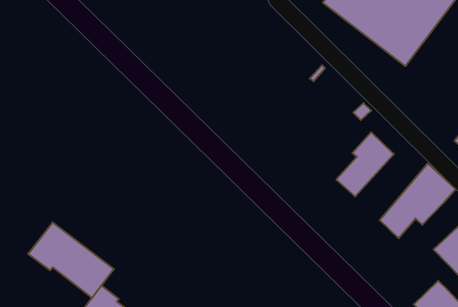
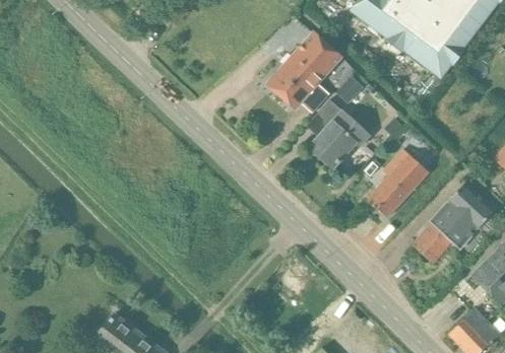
building: none -> [267,32,340,112]
building: none -> [308,99,369,169]
building: [28,222,114,298] -> none

